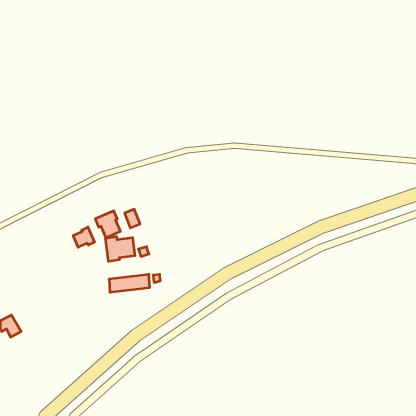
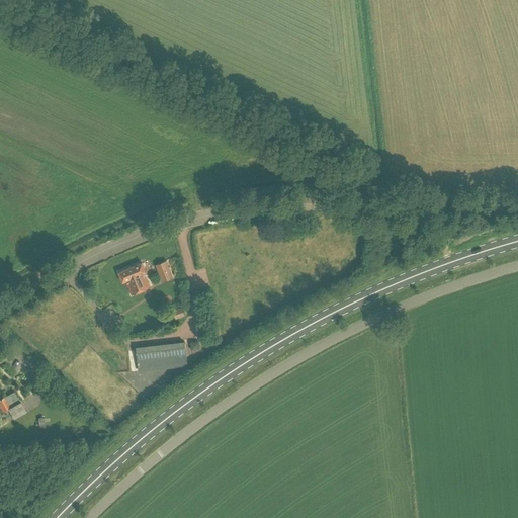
building: [73,227,94,247] -> none
building: [106,237,135,261] -> none

